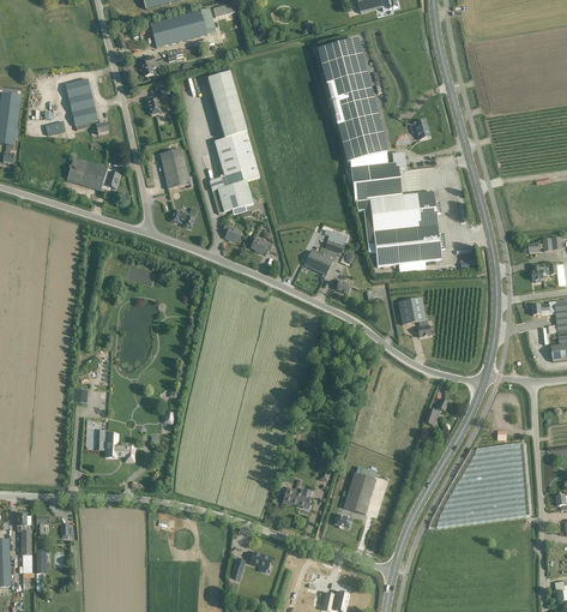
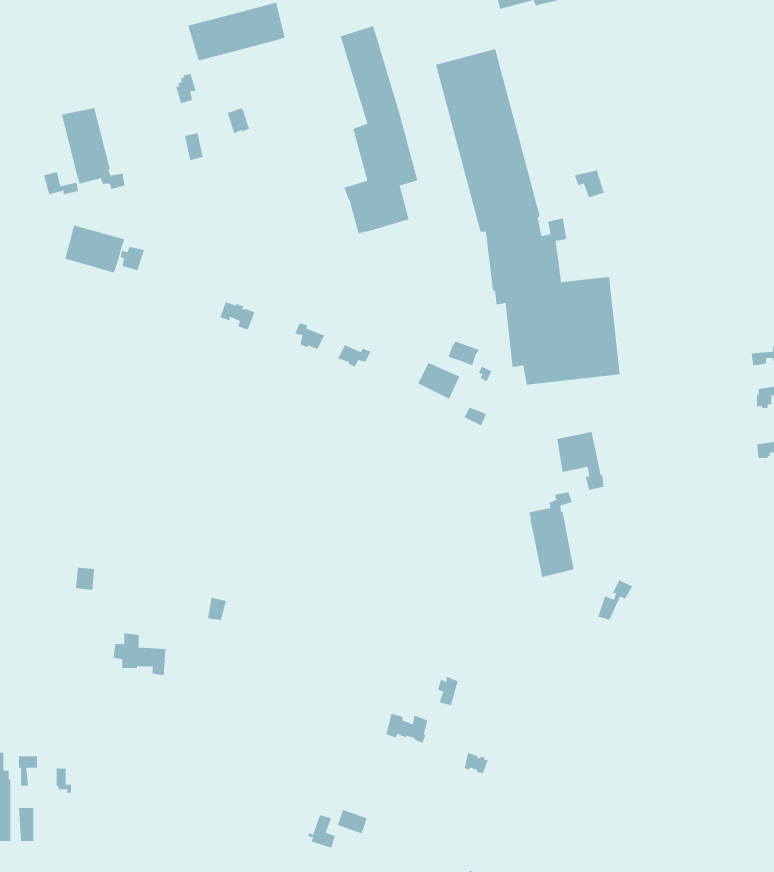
building: [206,72,259,212] -> [340,25,418,234]
building: [159,148,191,188] -> none
building: none -> [529,491,574,578]
building: [343,466,376,514] -> none

